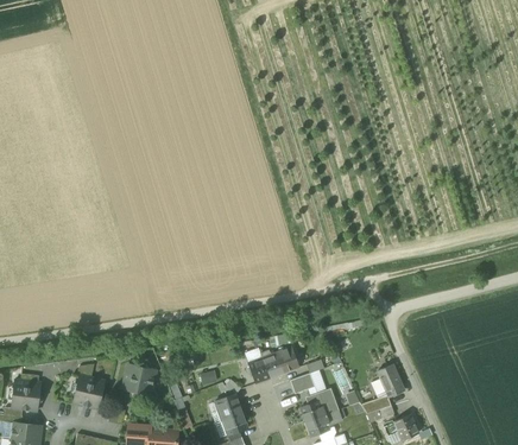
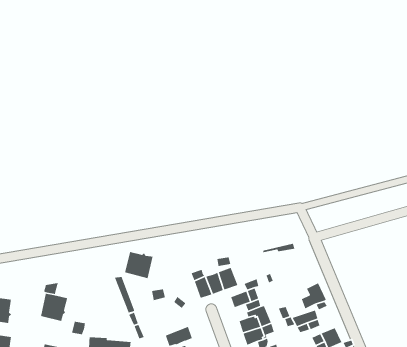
building: [122,364,156,396] -> [124,251,153,279]
building: [211,398,242,425] -> none

